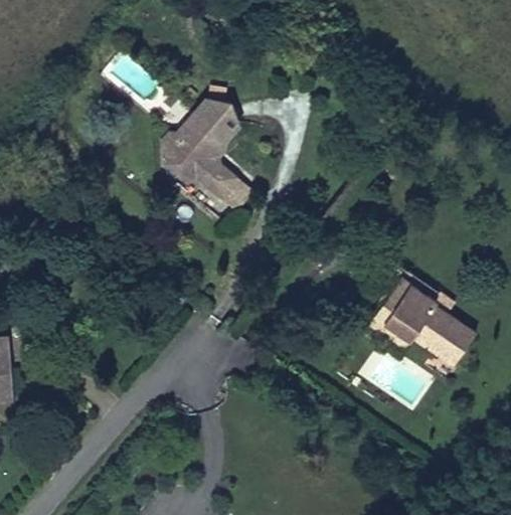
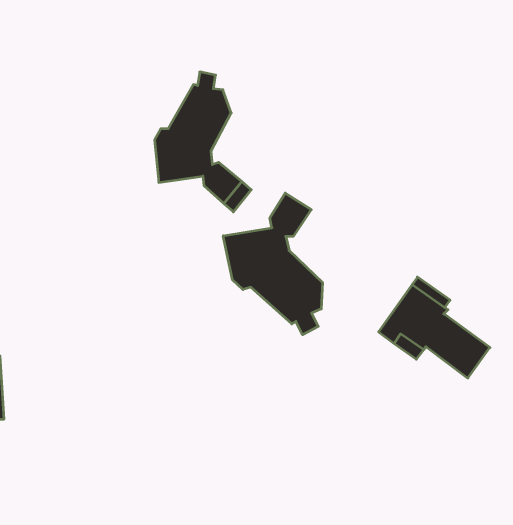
building: none -> [223,193,323,335]

